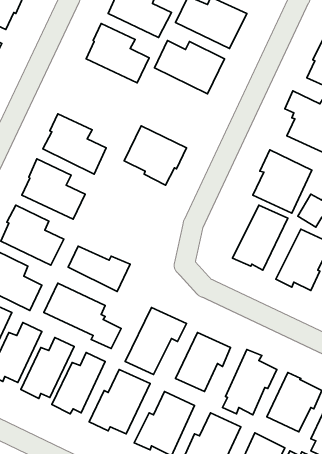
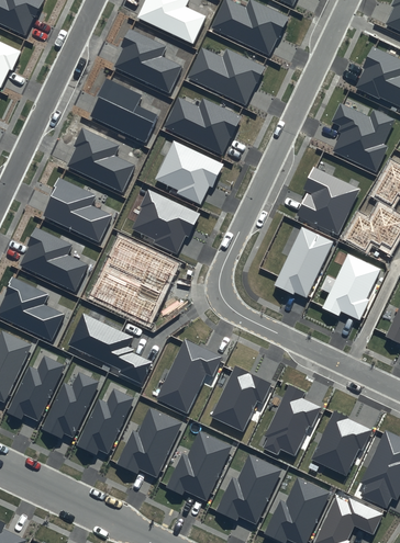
building: none -> [90,77,158,143]
building: none -> [164,97,241,155]
building: none -> [132,190,200,254]
building: none -> [110,239,175,291]

